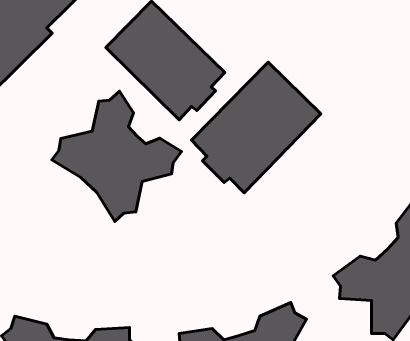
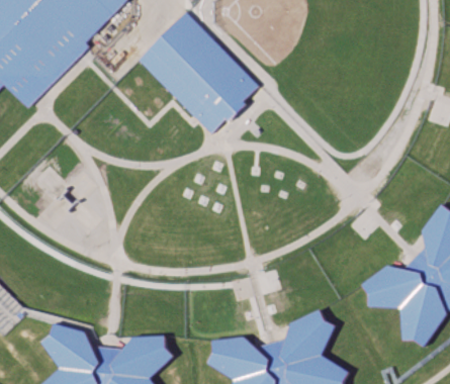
building: [191,62,321,193] -> none
building: [52,91,181,221] -> none

